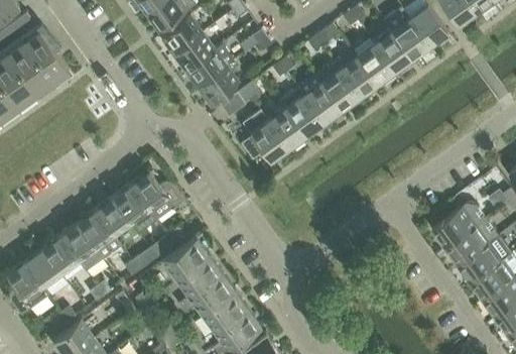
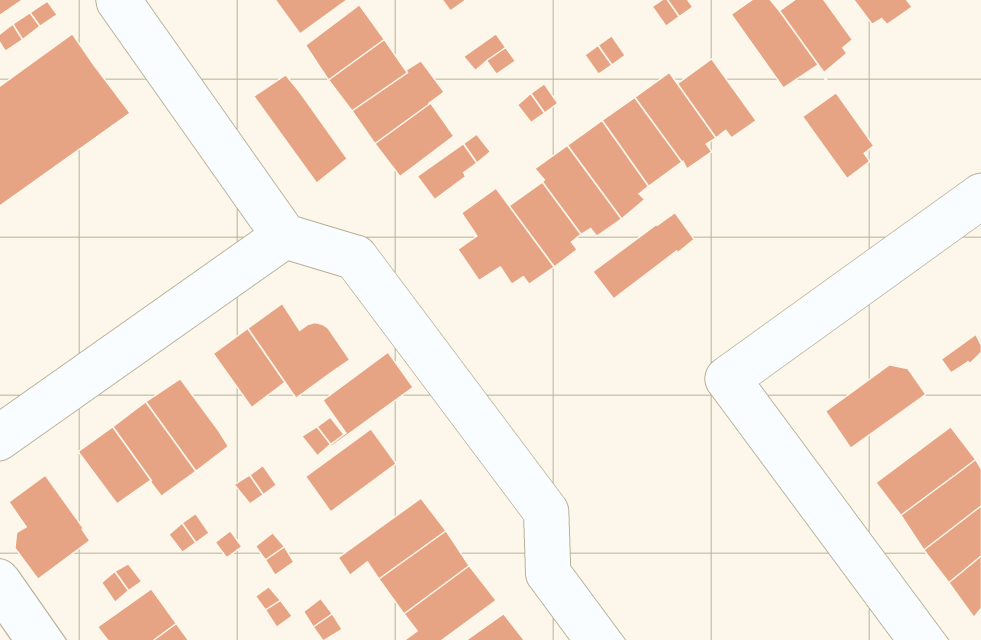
building: [374,19,411,75] -> [802,72,874,178]
building: none -> [254,75,347,183]
building: none -> [593,212,694,299]
building: [96,197,133,237] -> none
building: [446,218,499,264] -> none
building: [25,248,62,288] -> none
building: [174,254,222,304] -> [323,352,413,447]

